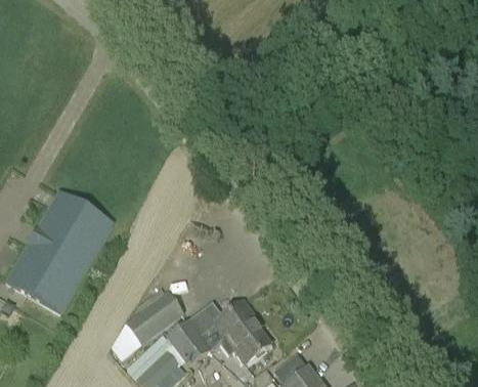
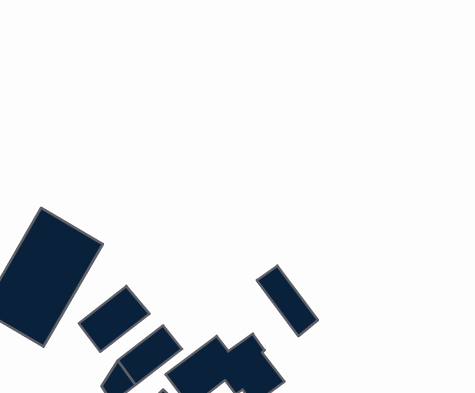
building: none -> [257,266,318,336]
building: none -> [79,286,149,352]

